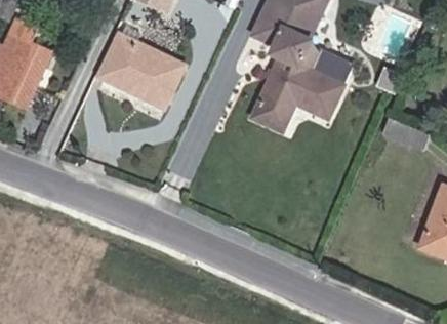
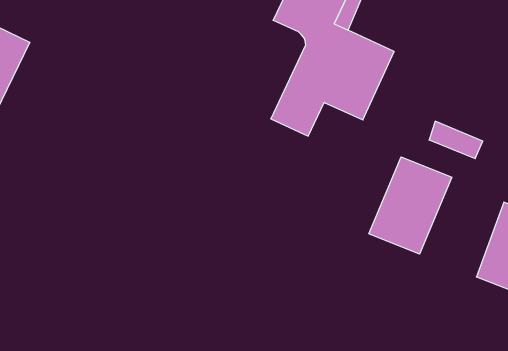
building: [98,35,181,108] -> none
building: none -> [369,157,452,254]

